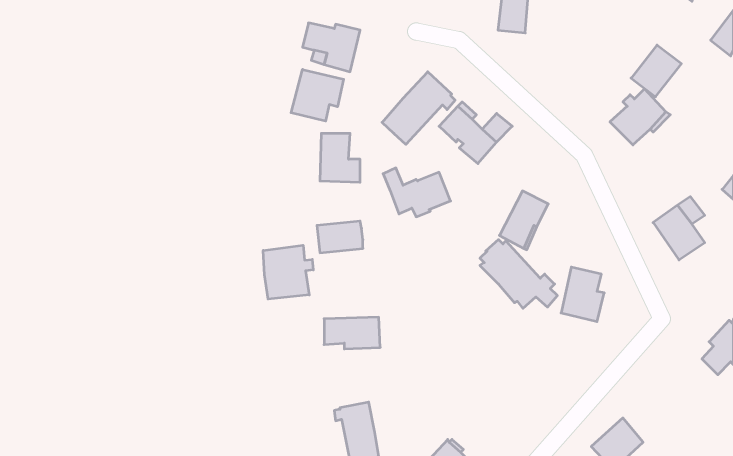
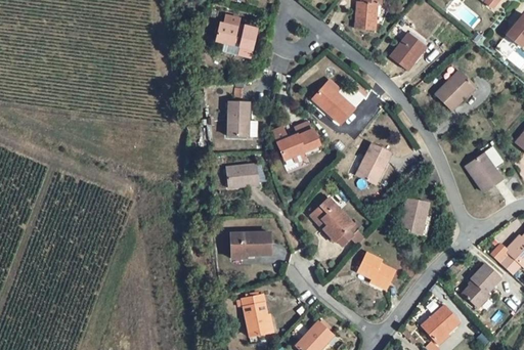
building: [631,45,681,97] -> [390,33,426,70]
building: [291,69,344,121] -> none
building: [382,72,455,144] -> none
building: [480,240,557,308] -> [310,195,365,245]
building: [263,245,313,299] -> none
building: none -> [358,252,395,289]
building: none -> [463,263,500,307]

